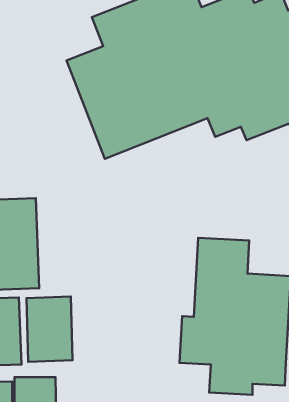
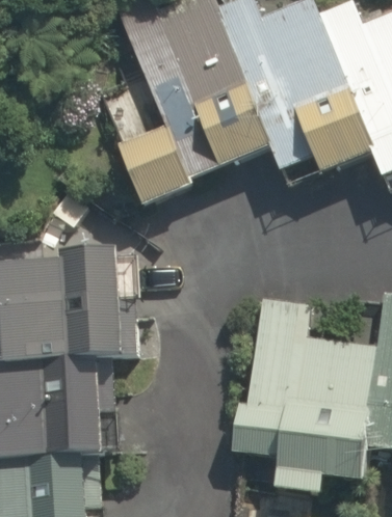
building: none -> [58,241,148,360]

